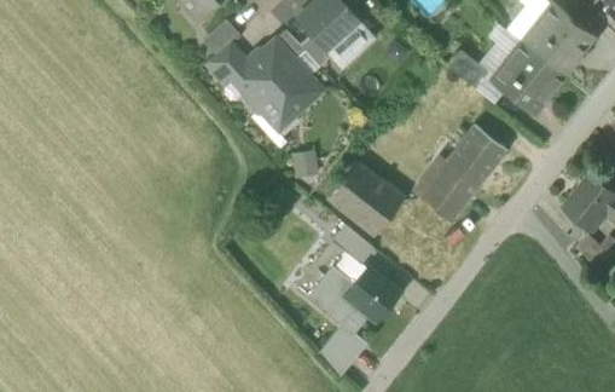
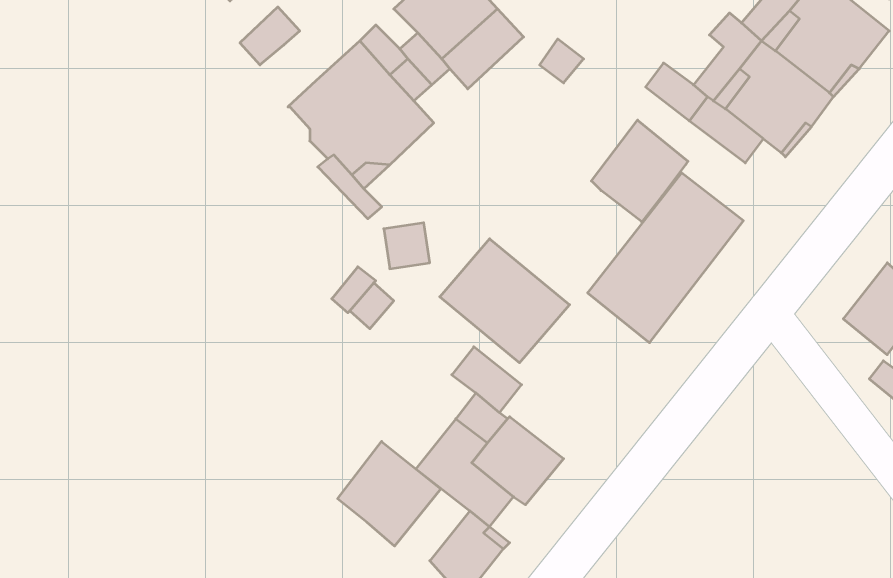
building: [207,42,250,80] -> none
building: none -> [591,120,688,222]
building: none -> [338,441,441,546]

